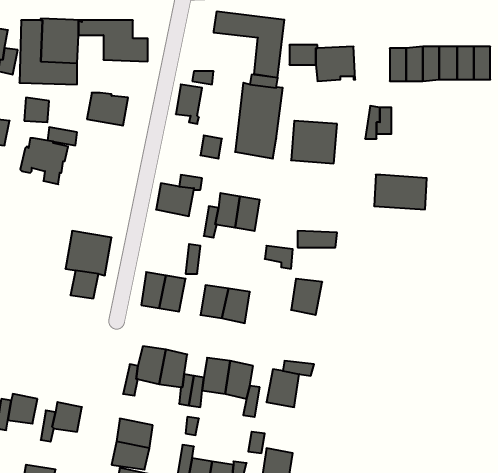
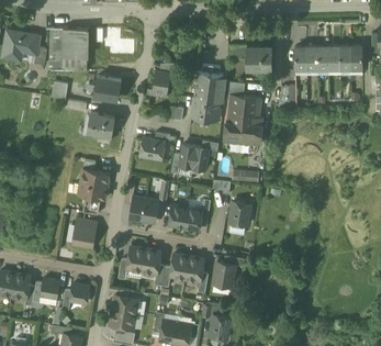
building: [214,11,284,78] -> none
building: [20,138,68,184] -> [83,112,115,143]
building: [374,175,427,209] -> [225,122,260,145]
building: none -> [72,217,96,247]

